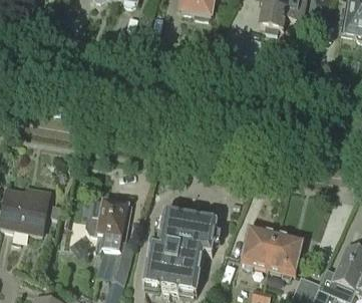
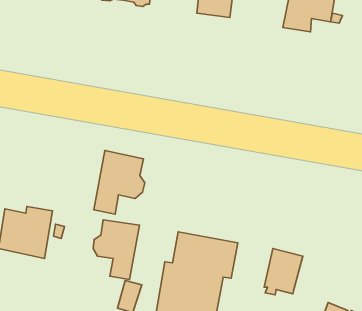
building: none -> [94,151,145,214]
building: [268,233,303,277] -> none

